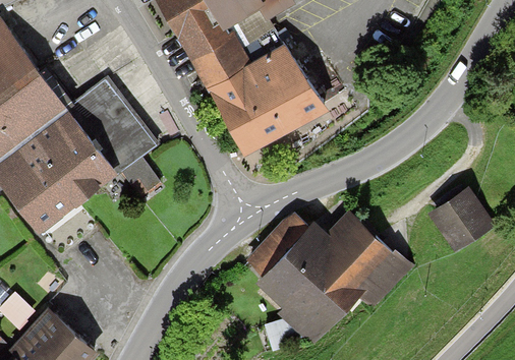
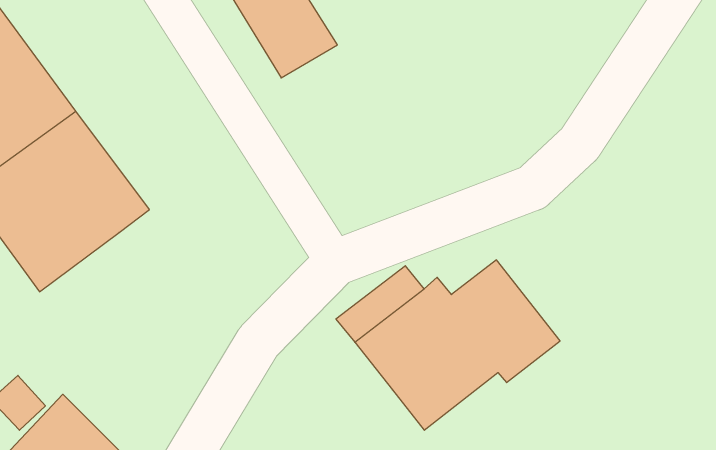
building: [207,40,323,152] -> none
building: [62,78,154,198] -> none
building: [432,190,489,248] -> none

